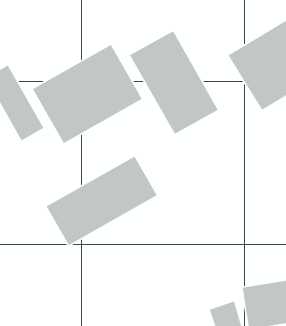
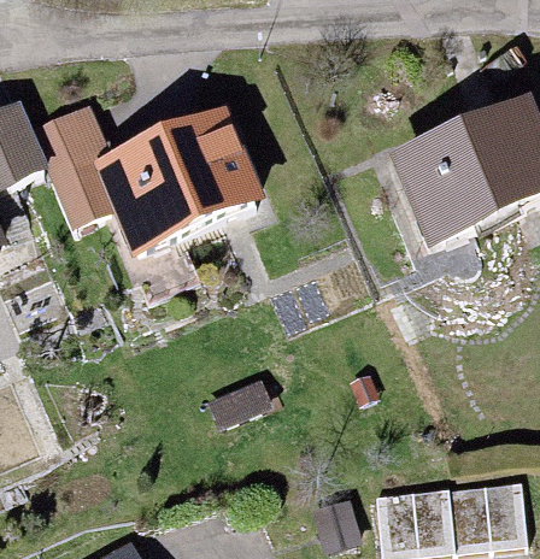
building: [129,30,219,135] -> none
building: [45,156,158,246] -> none

